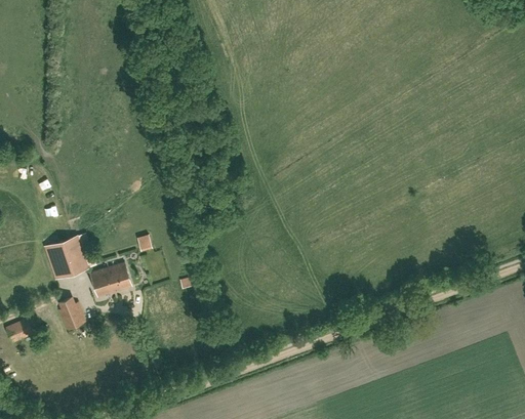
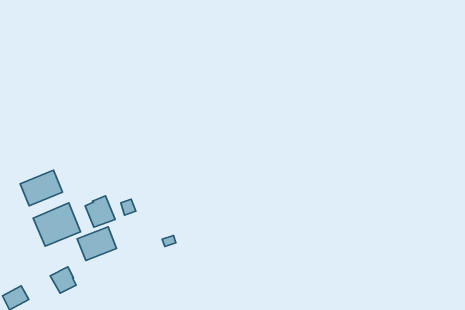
building: none -> [20,170,63,206]
building: none -> [85,196,115,227]

